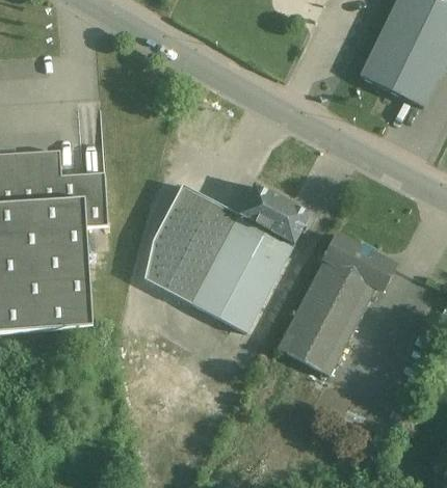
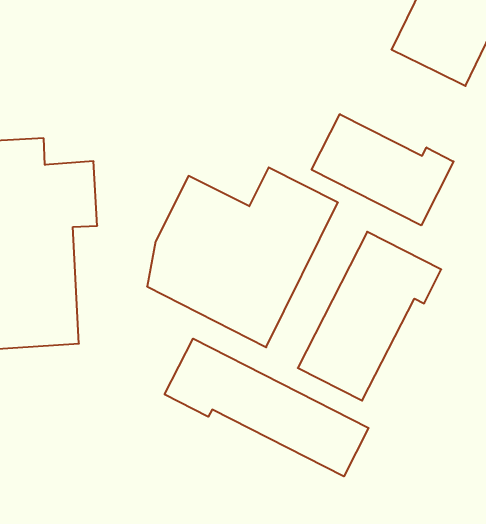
building: none -> [312,114,454,225]
building: none -> [165,339,369,476]

